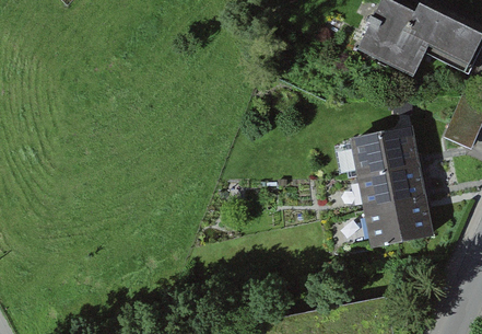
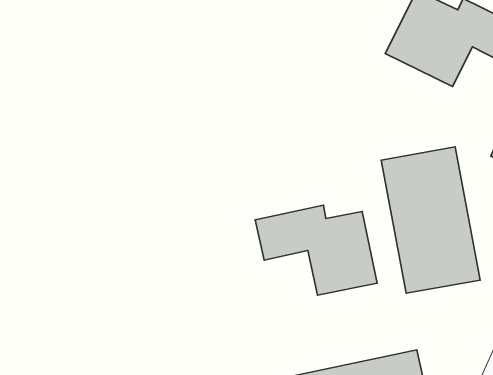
building: none -> [255,205,377,295]

